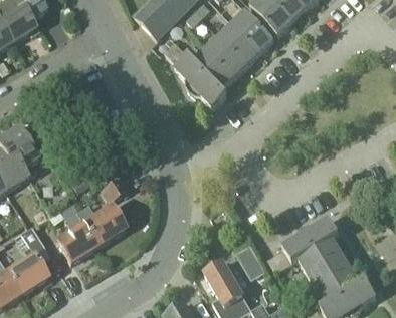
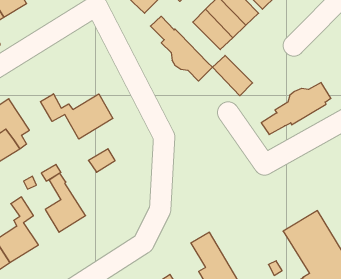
building: [193,47,234,88] -> [212,55,253,96]
building: none -> [40,94,113,139]
building: [75,204,125,245] -> none
building: [267,218,339,271] -> [261,83,331,135]
building: [236,245,265,280] -> none

